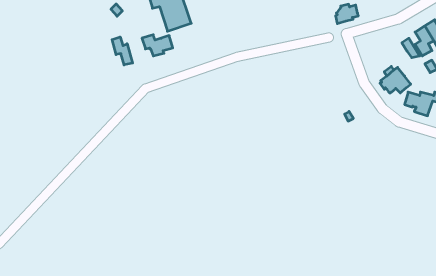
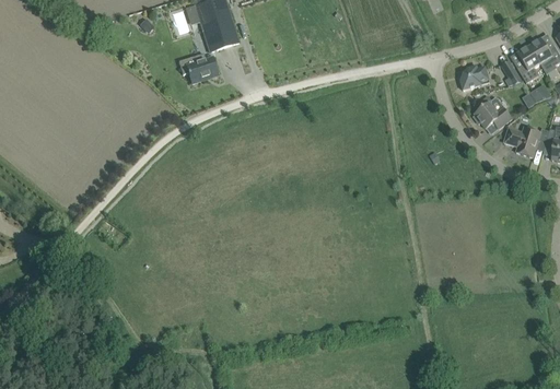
building: [336,4,358,24] -> [460,66,489,90]
building: [112,37,133,65] -> none

